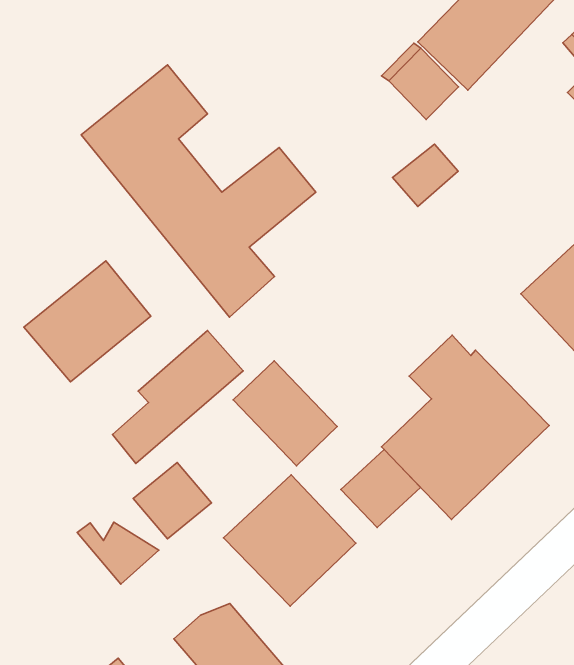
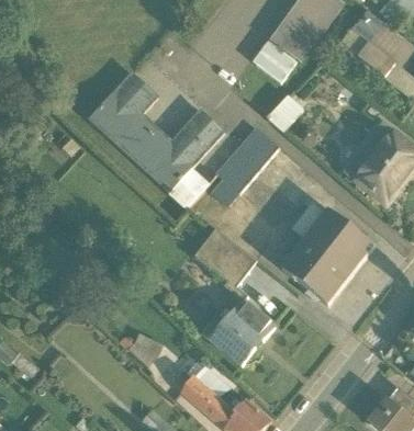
building: [24,261,151,382] -> none
building: [112,330,243,463] -> [211,127,279,207]
building: [341,450,420,528] -> none
building: [133,462,211,539] -> none

